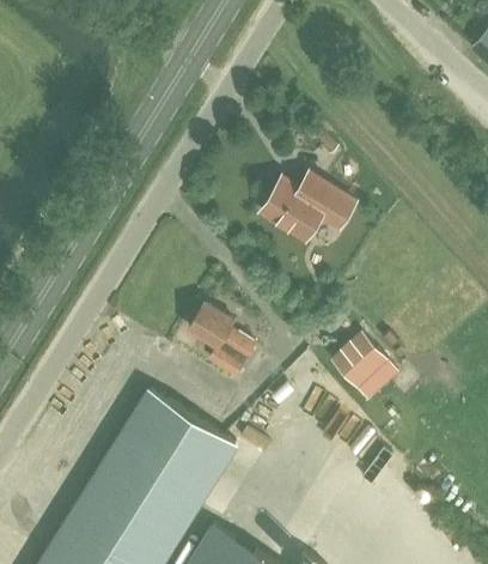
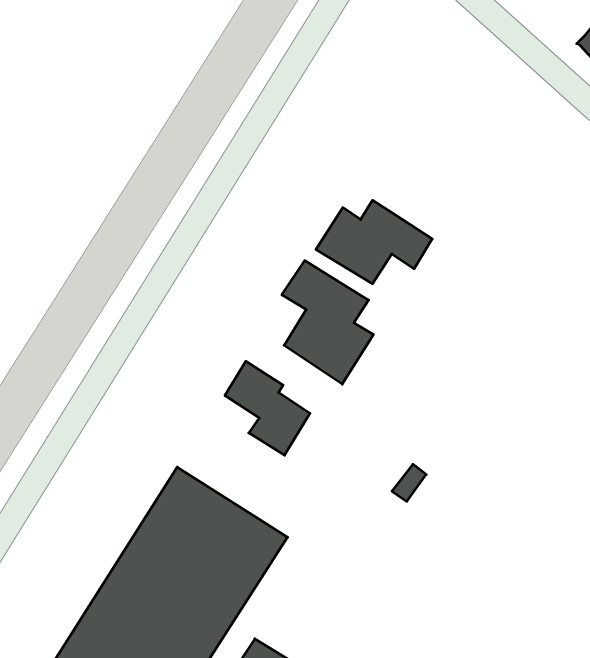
building: none -> [282,261,373,384]
building: [330,332,398,401] -> none

